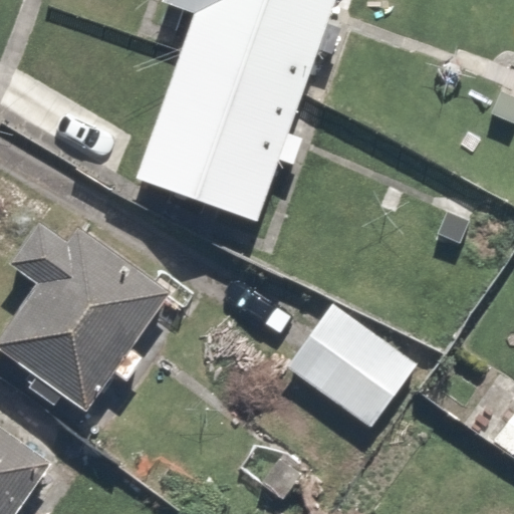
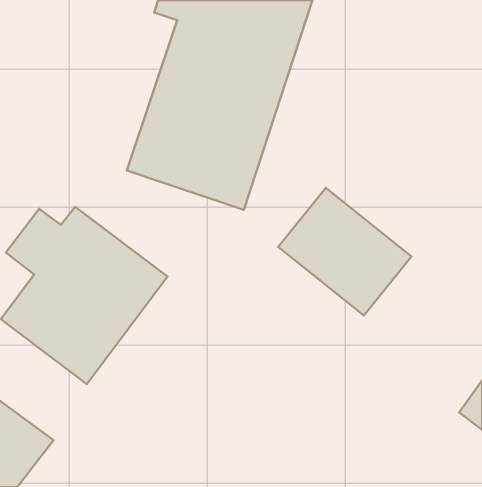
building: [280,303,421,438] -> [278,188,412,316]

